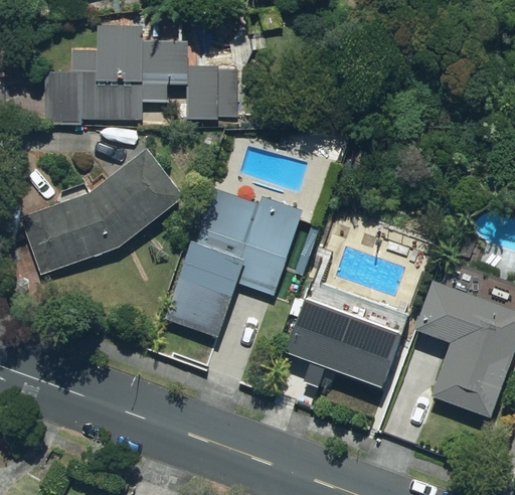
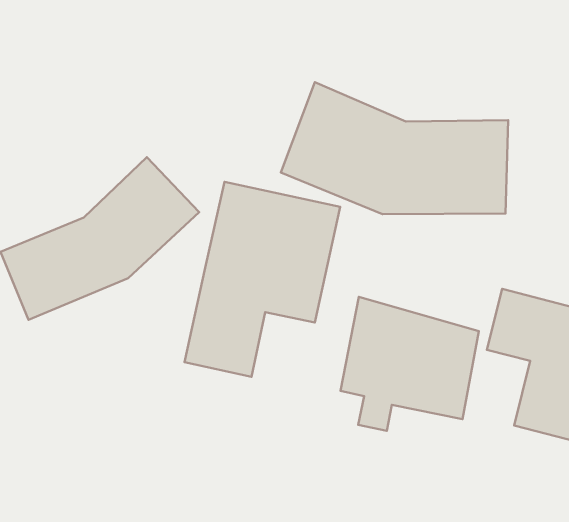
building: [40,23,233,127] -> none
building: none -> [281,82,508,214]

